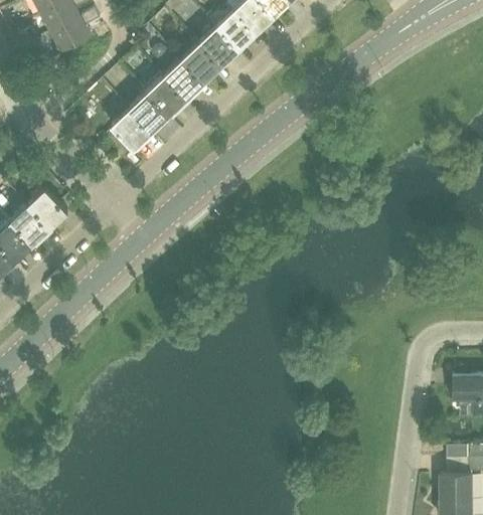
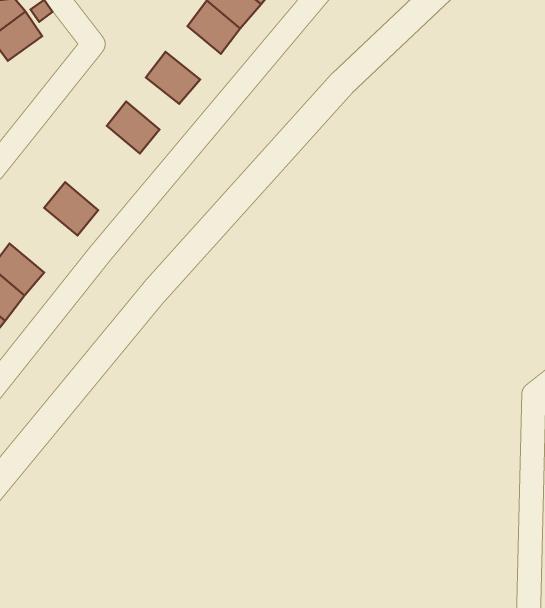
building: [180,43,221,84] -> none
building: [146,77,185,118] -> none
building: [111,110,151,151] -> [44,182,98,236]

